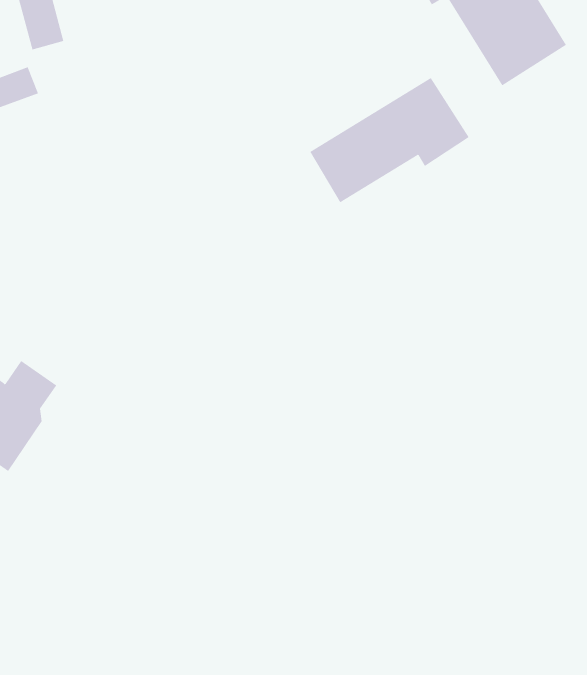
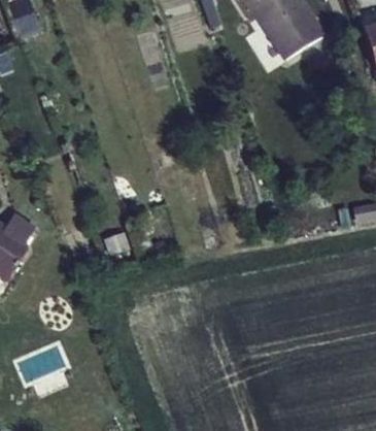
building: [310,77,470,203] -> none

